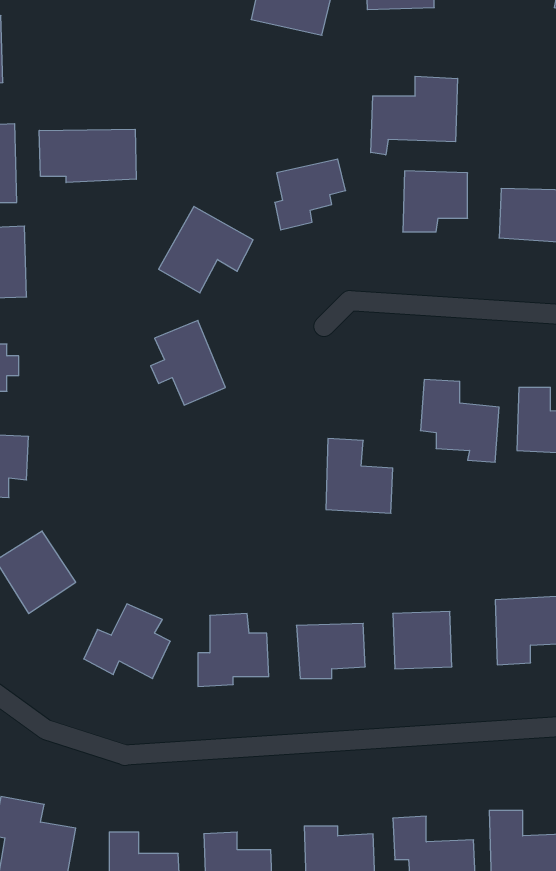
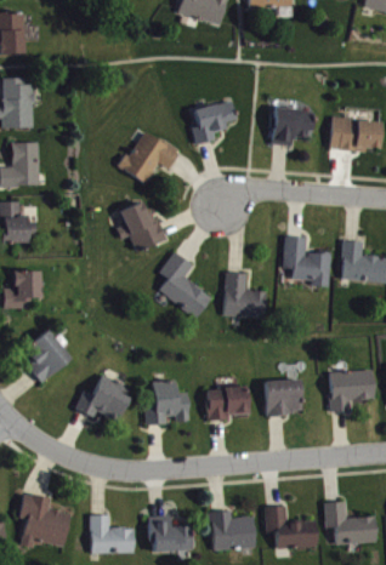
building: [371,76,458,155] -> none
building: [39,129,136,183] -> none
building: none -> [158,251,211,318]

